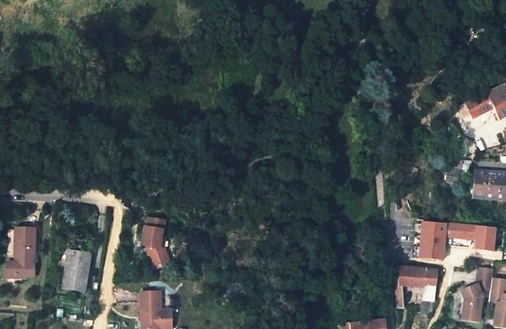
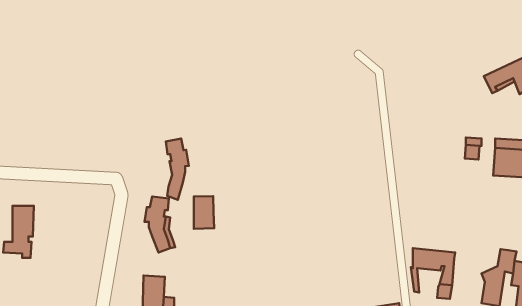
building: none -> [166,139,189,200]
building: none -> [194,196,214,229]
building: [419,221,494,259] -> none
building: [64,250,90,290] -> none

